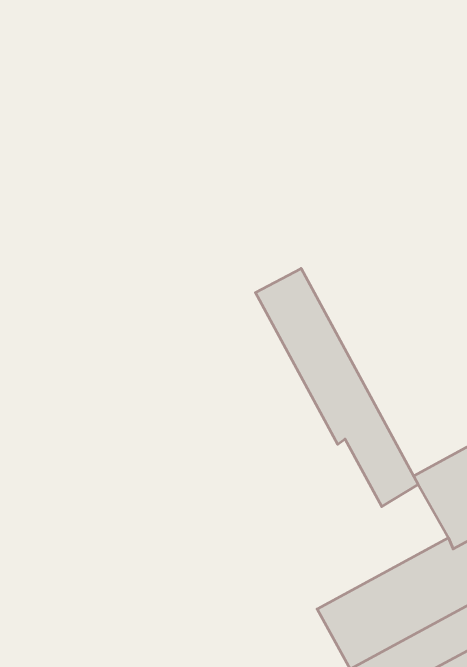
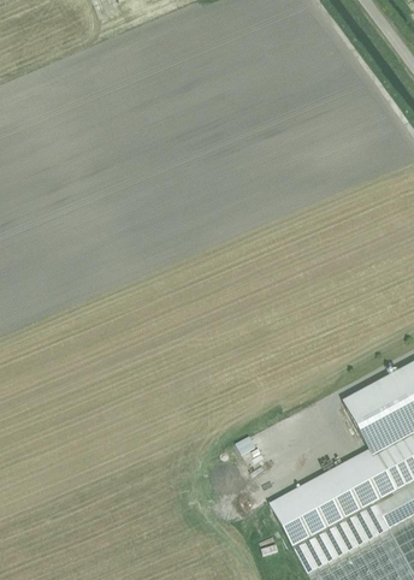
building: [255,268,418,507] -> none

